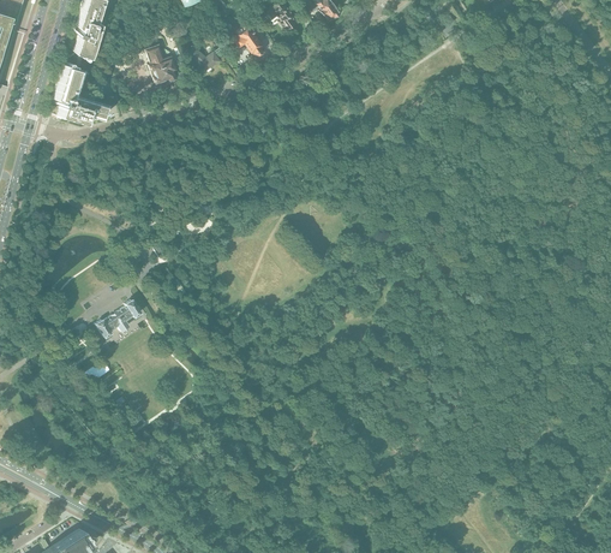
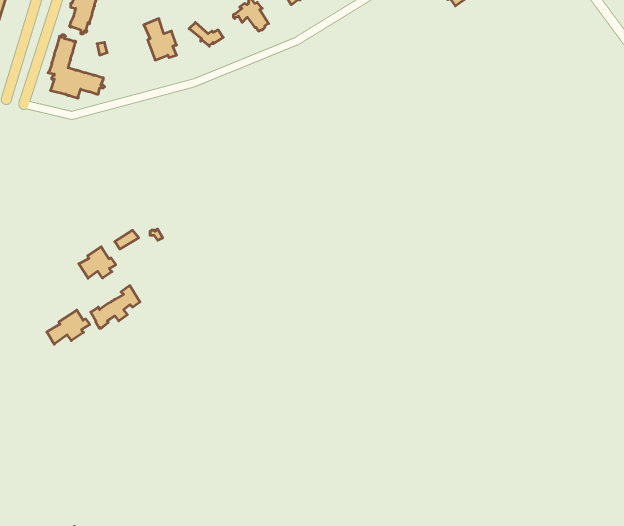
building: none -> [79,247,116,278]
building: none -> [47,310,90,344]

